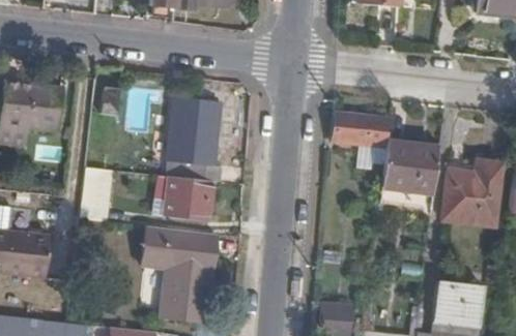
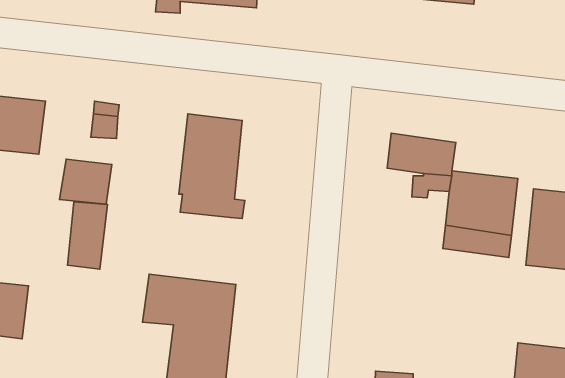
building: none -> [59,159,112,204]
building: [159,176,210,220] -> none

